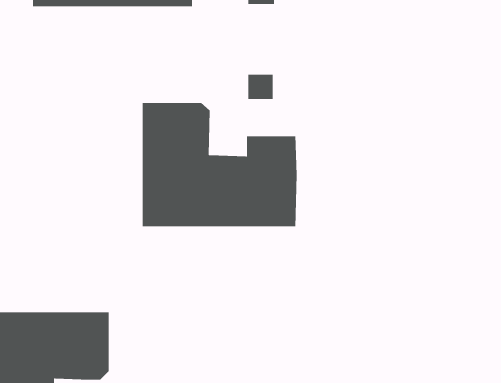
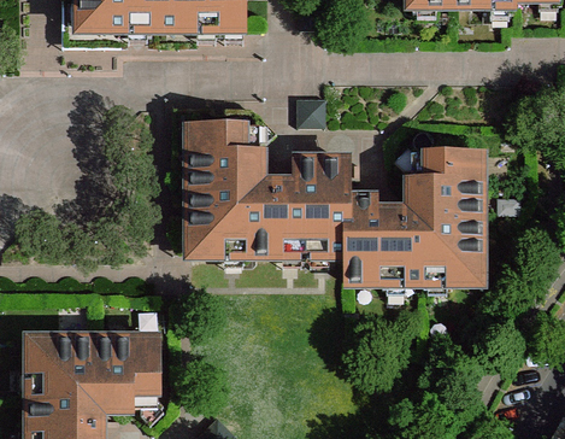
building: none -> [345,151,478,277]

